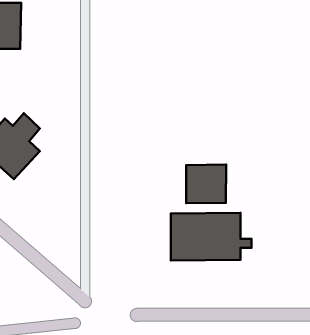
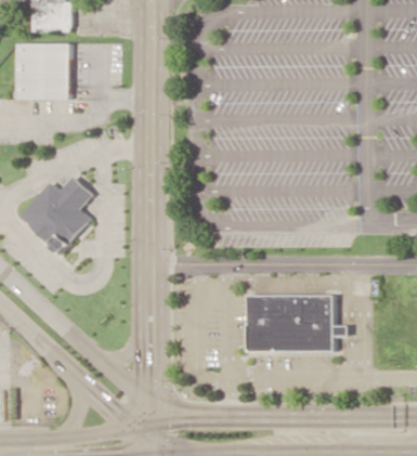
building: [186,165,226,203] -> none

